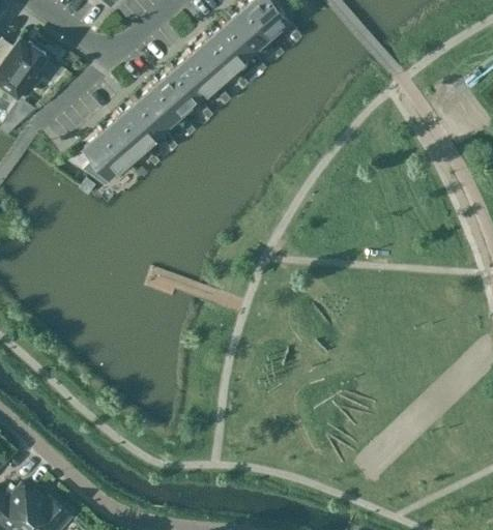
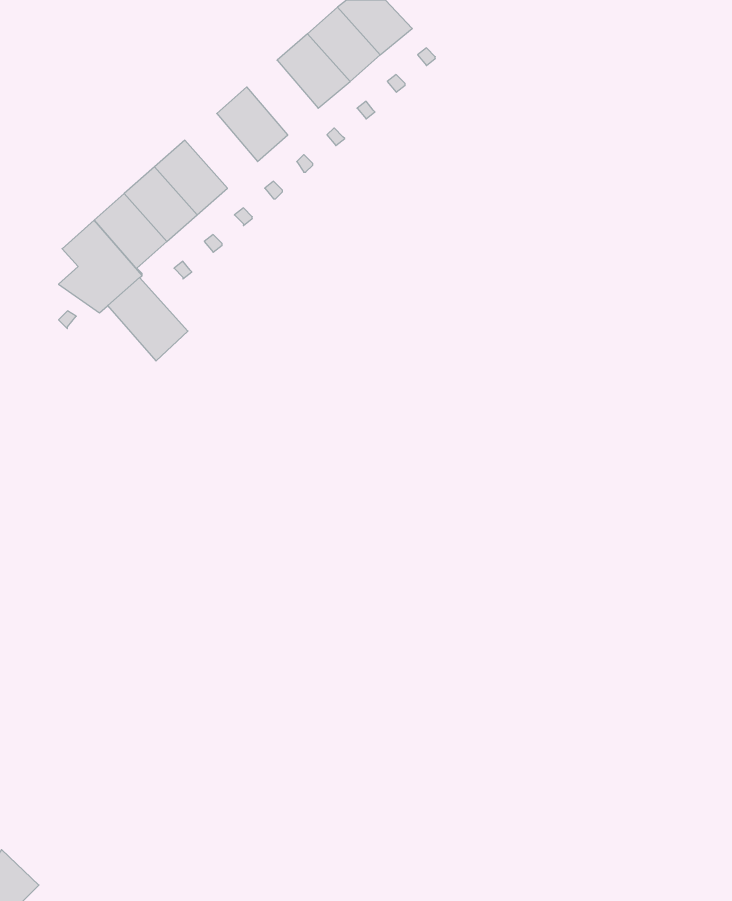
building: [194,39,235,83] -> none
building: [157,70,200,114] -> none
building: none -> [108,278,188,361]

